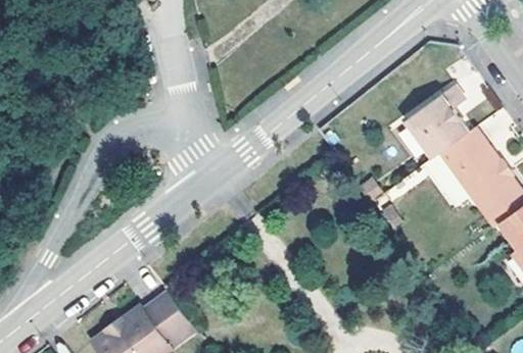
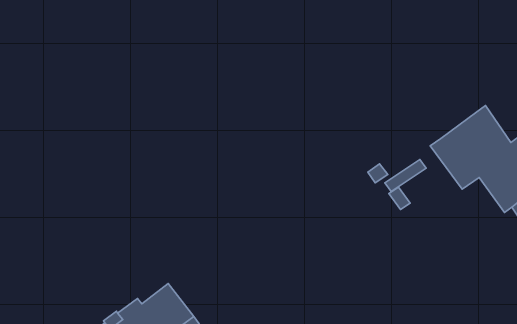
building: [402,78,466,153] -> none

